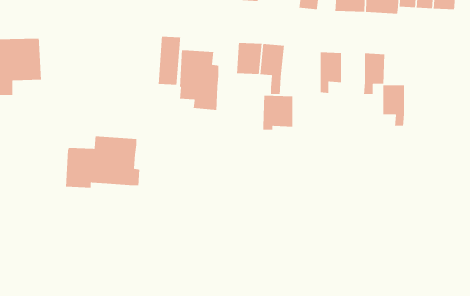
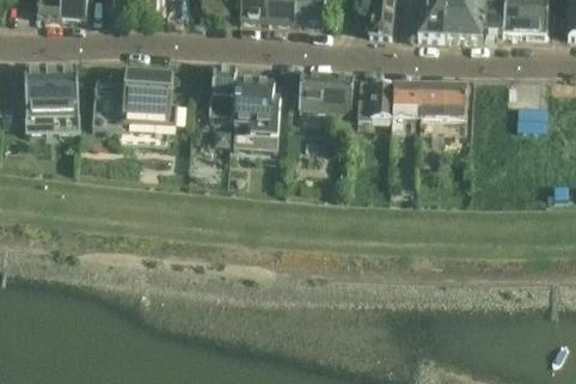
building: [383,84,405,127] -> [418,83,443,130]
building: [262,95,293,131] -> [359,80,393,121]
building: [65,135,140,188] -> [92,68,177,128]

